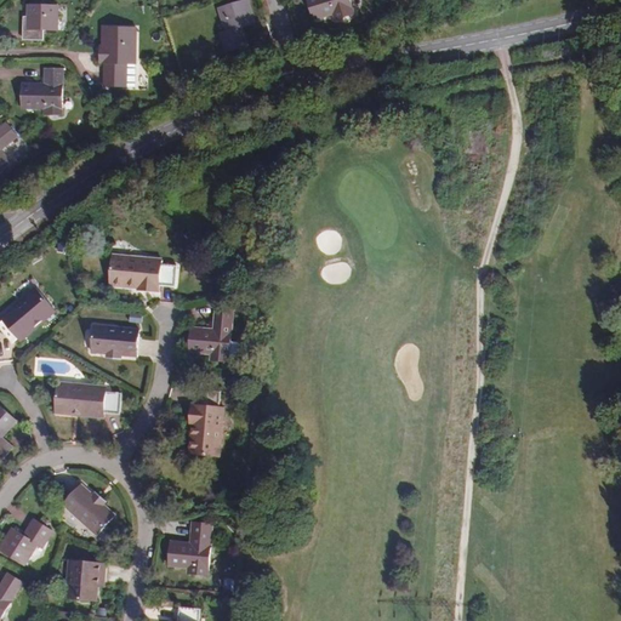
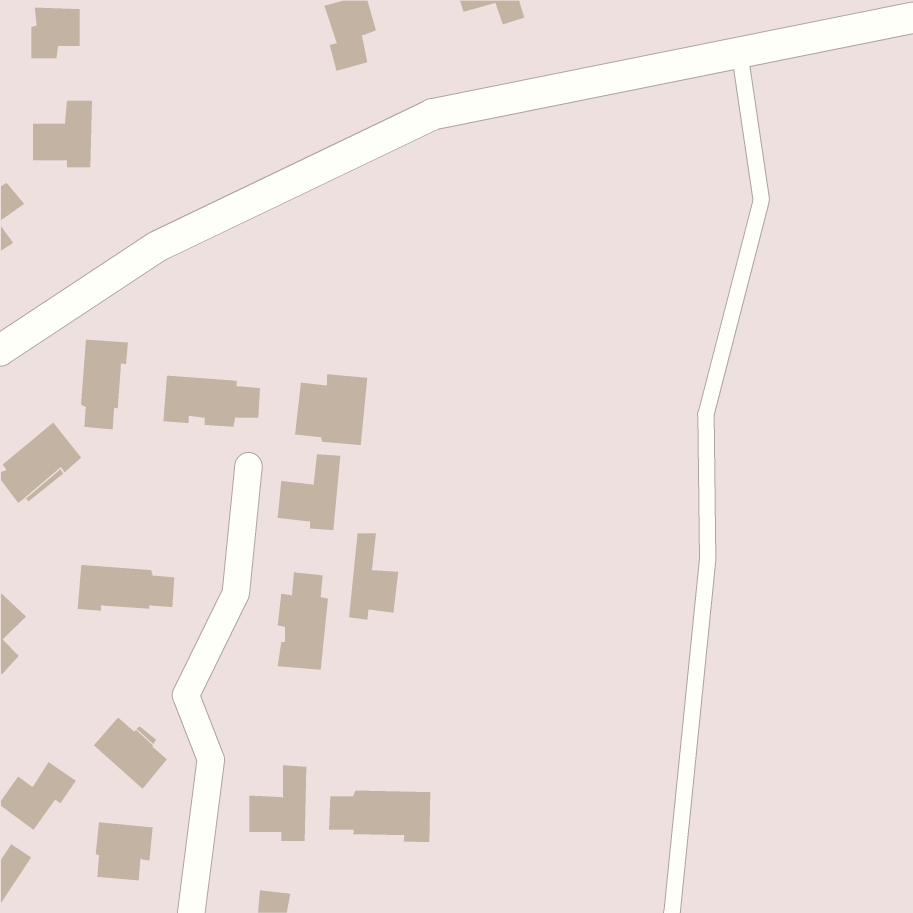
building: [99,25,135,85] -> none
building: none -> [80,339,128,430]
building: none -> [295,374,368,446]
building: [91,324,138,357] -> none
building: none -> [349,532,399,620]
building: none -> [329,790,431,843]

